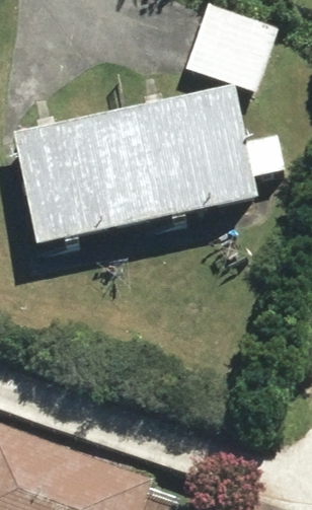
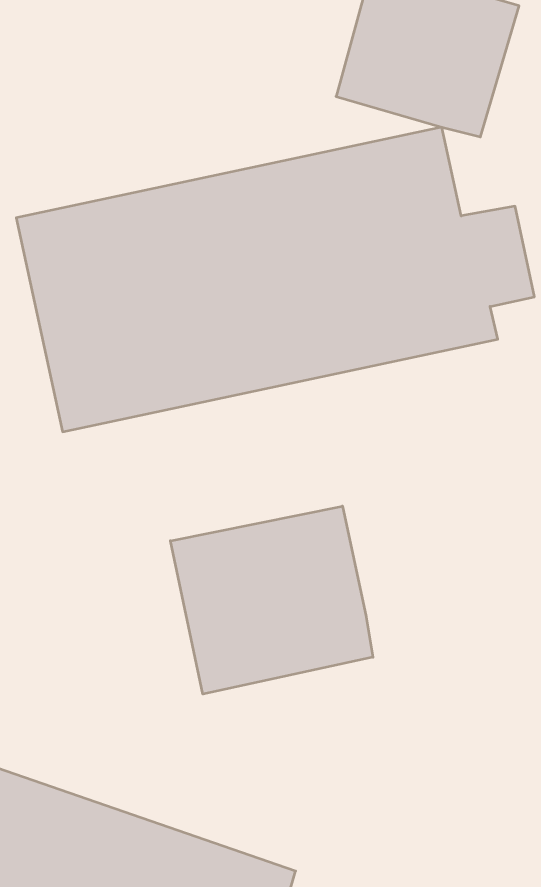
building: none -> [170,506,373,694]

